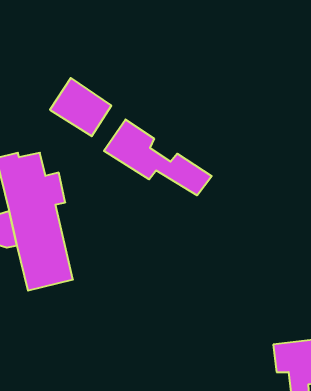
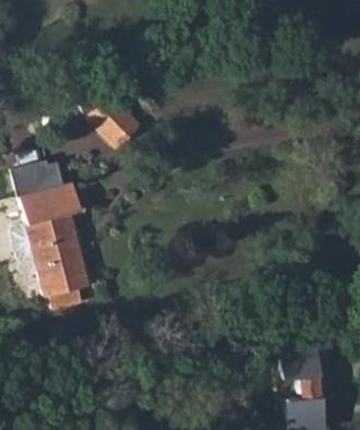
building: [104,119,212,195] -> none

